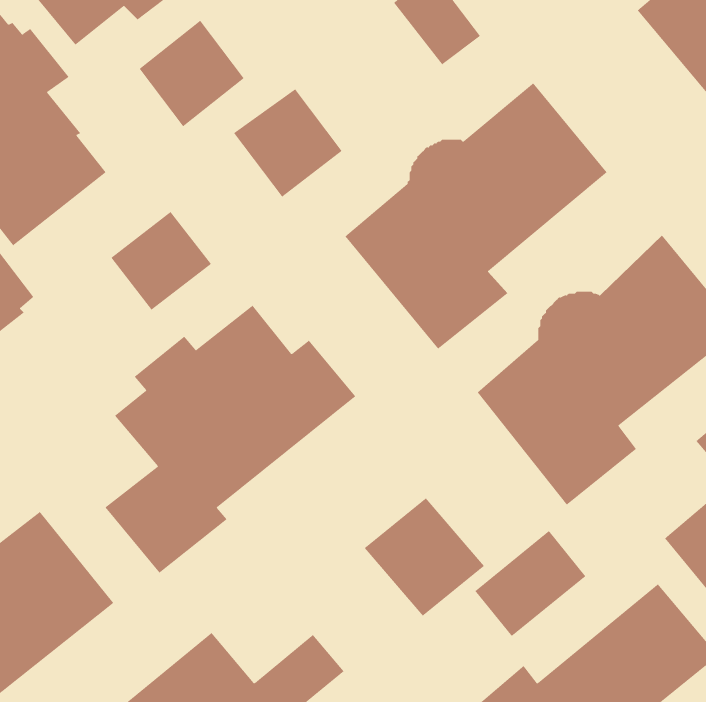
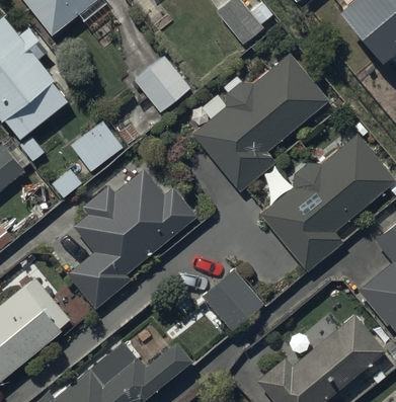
building: [139,20,245,127] -> none
building: [474,530,586,637] -> none

